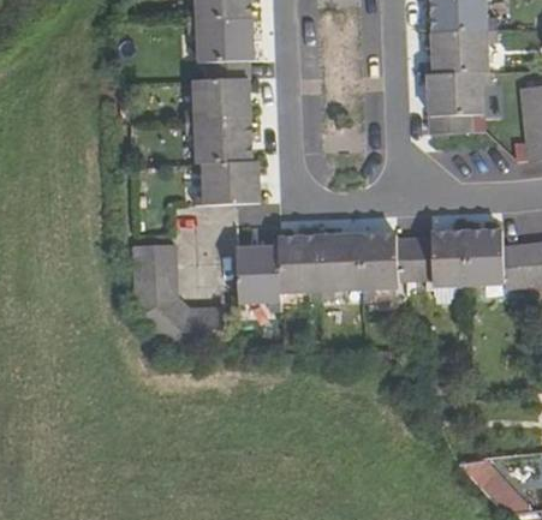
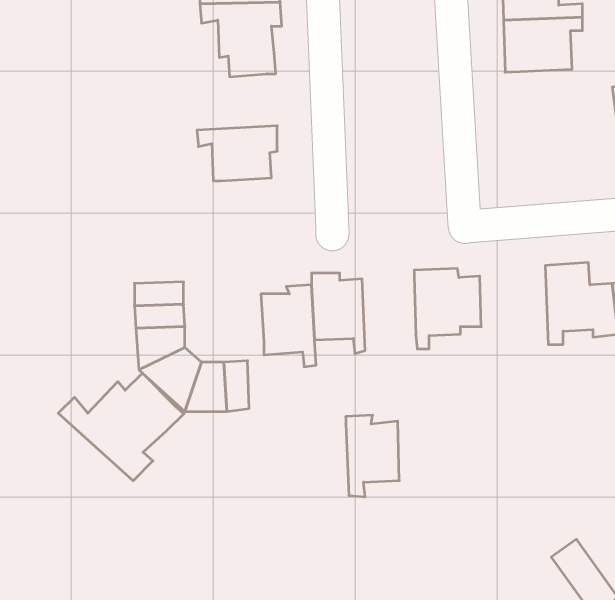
building: [425,72,492,135] -> none
building: [184,76,249,121] -> none
building: [193,160,258,204] -> none
building: [412,231,467,295] -> none
building: [317,234,361,300] -> [346,415,399,497]
building: none -> [58,373,184,481]

